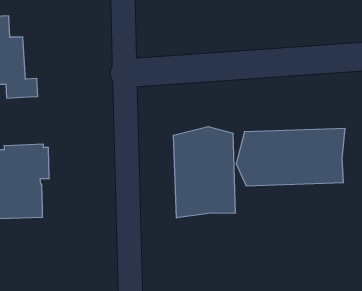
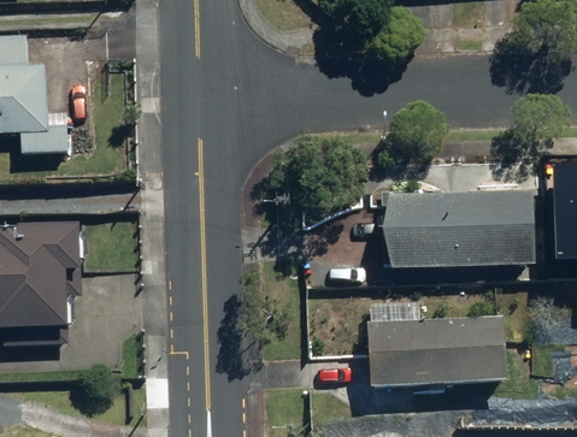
building: [174,126,235,218] -> none
building: none -> [349,318,494,394]

